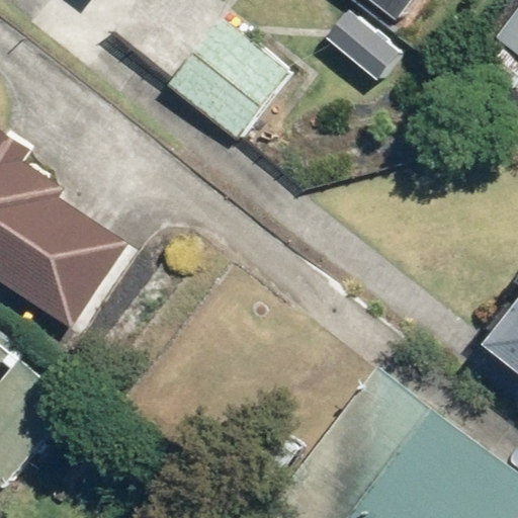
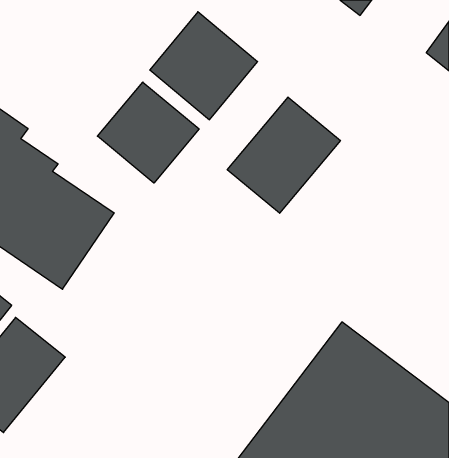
building: none -> [97,82,199,183]
building: none -> [227,97,340,213]

